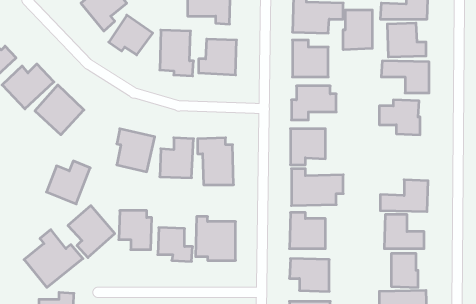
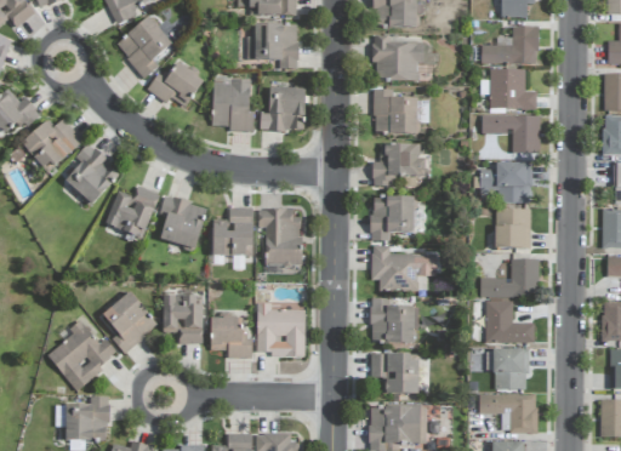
building: [343,10,372,50] -> none
building: none -> [496,209,529,249]
building: [46,161,90,204] -> [106,185,159,238]

